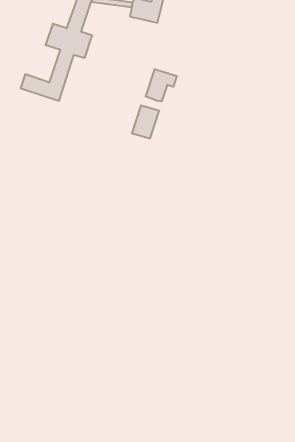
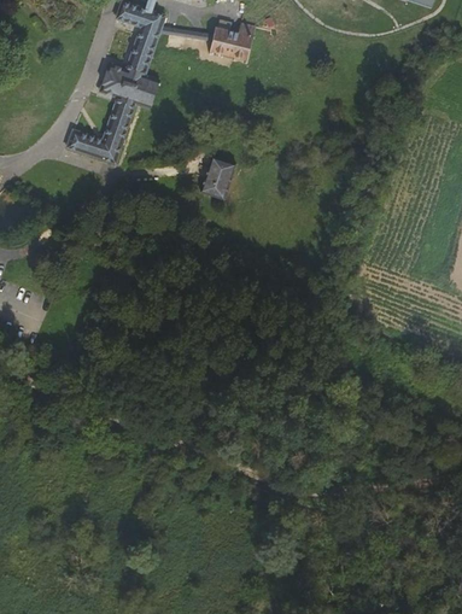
building: [146,69,177,101] -> none

